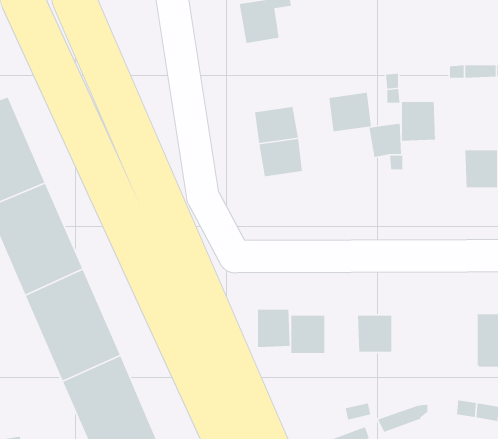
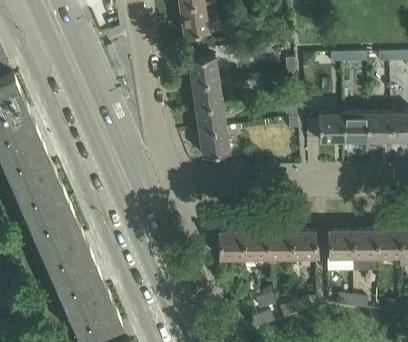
building: [329,92,372,132] -> [188,58,219,87]
building: [401,101,436,141] -> [318,114,343,143]
building: none -> [198,130,230,158]
building: [257,309,290,348] -> [242,233,266,261]
building: none -> [290,232,314,260]
building: none -> [326,232,351,271]

